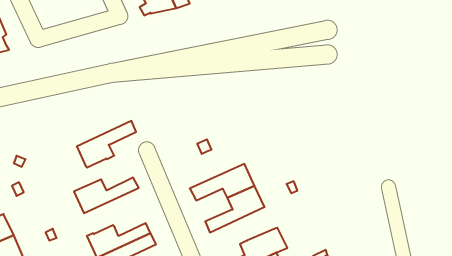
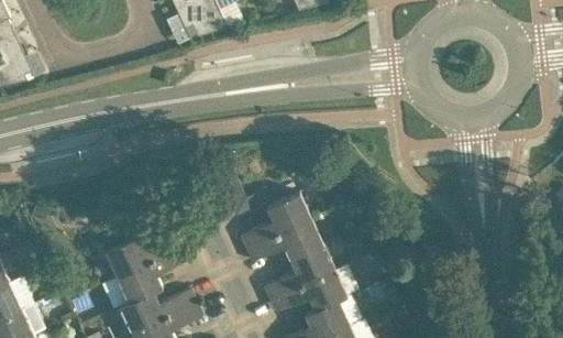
building: [77,121,136,167] -> [115,247,187,303]
building: none -> [239,193,309,248]
building: none -> [267,270,345,314]

